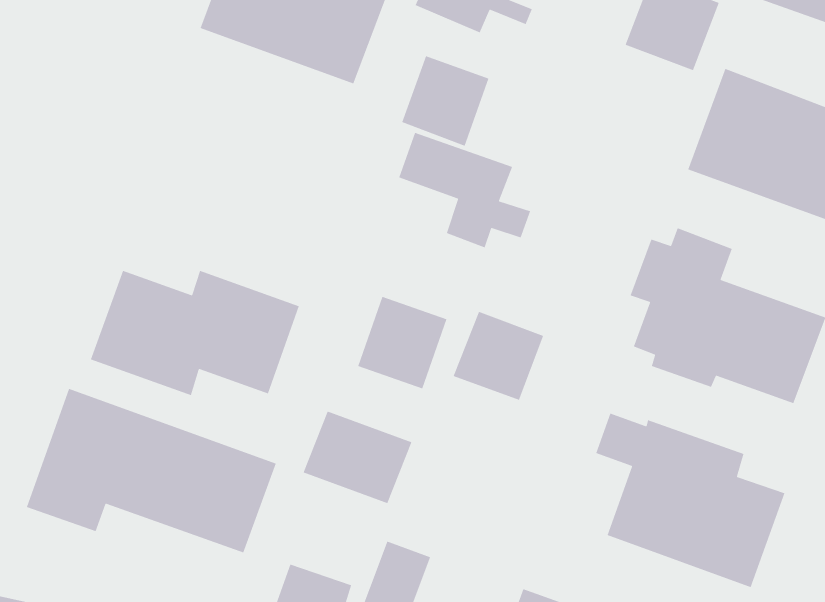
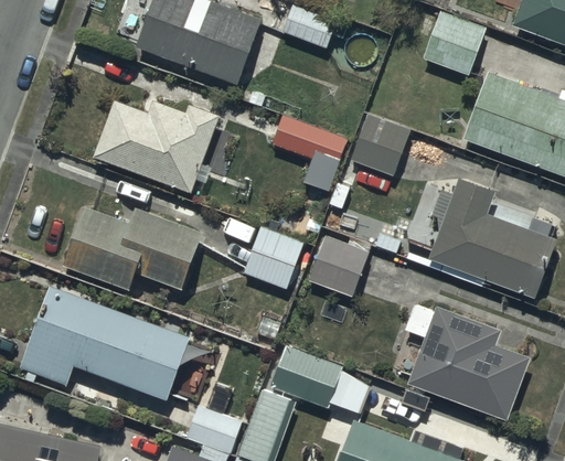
building: [401,55,490,147] -> [350,114,409,175]
building: none -> [95,99,220,191]
building: [303,411,412,504] -> [270,344,344,407]

